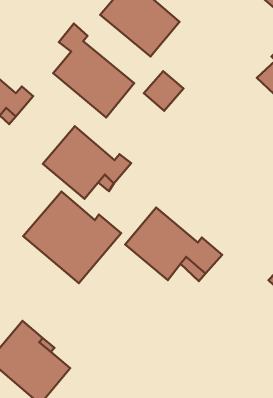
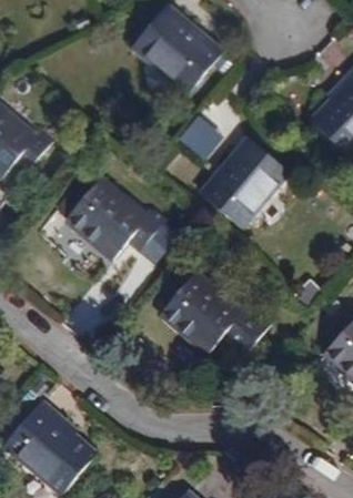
building: [53,23,134,117] -> none
building: none -> [201,135,289,226]
building: [23,192,121,283] -> none

